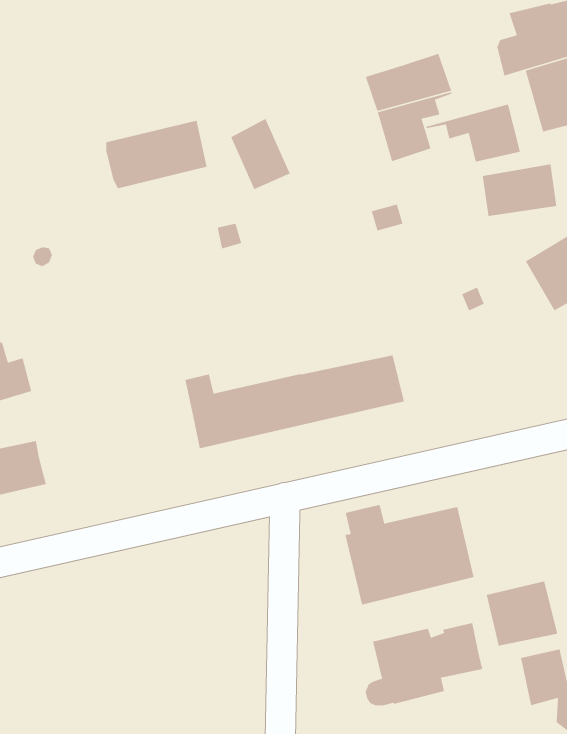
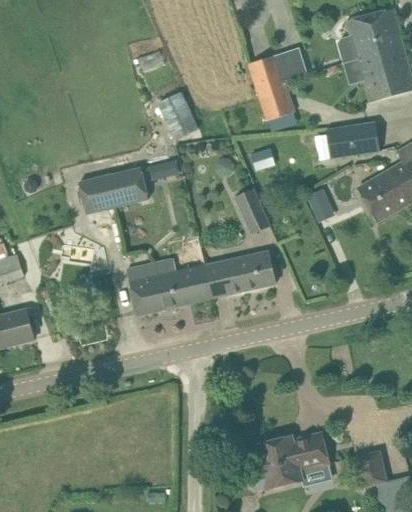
building: [425,103,521,162] -> none
building: [106,120,208,189] -> [79,167,148,214]
building: none -> [235,190,268,233]
building: [345,504,475,606] -> none
building: [486,580,558,647] -> none

